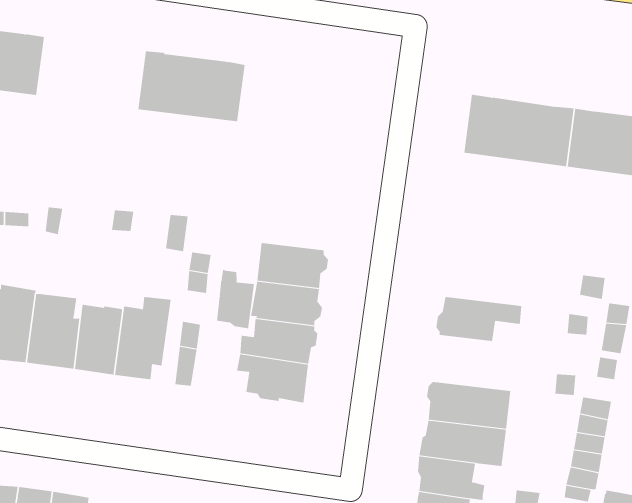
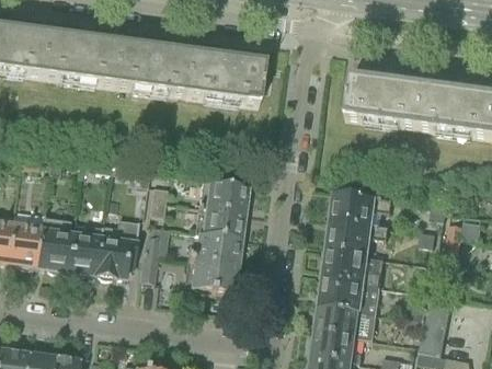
building: none -> [44,33,121,84]
building: none -> [186,51,265,103]
building: none -> [331,189,391,222]
building: [217,269,254,329] -> none
building: none -> [323,244,385,284]

